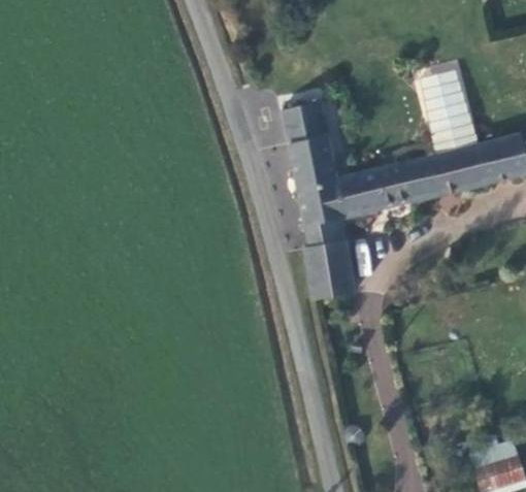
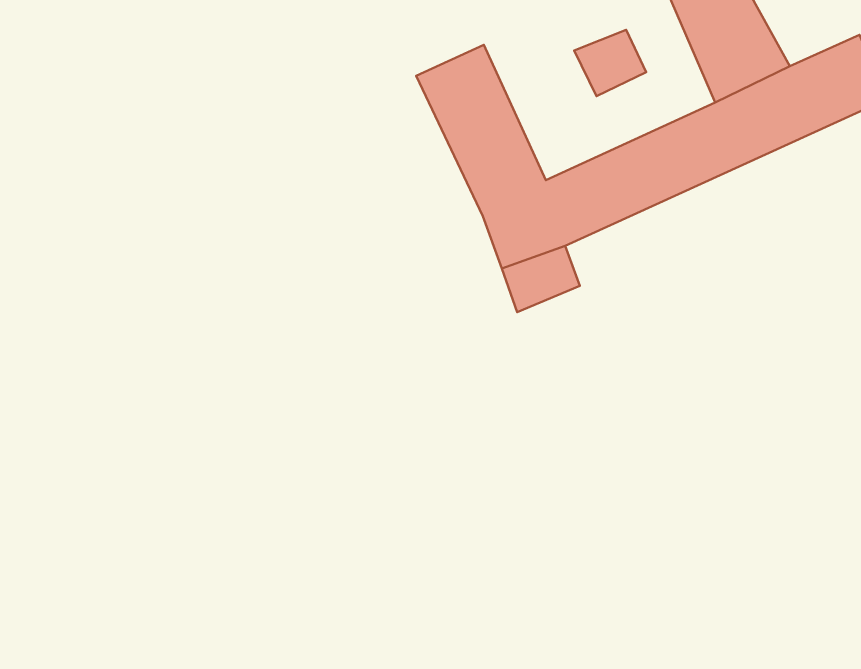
building: none -> [574,30,646,96]
building: [308,242,356,303] -> none

